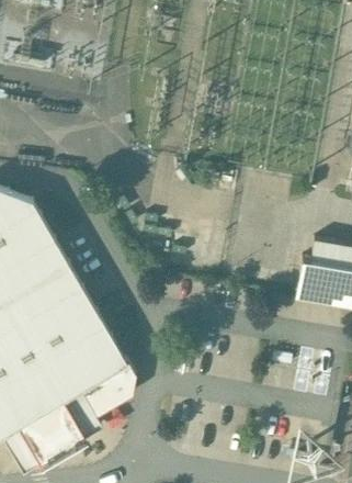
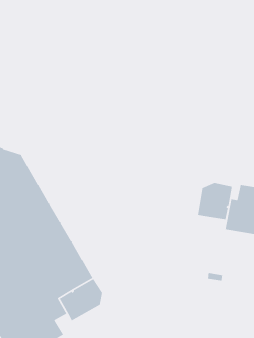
building: none -> [197,182,233,220]

